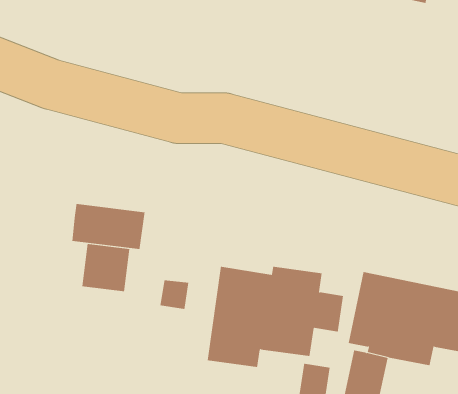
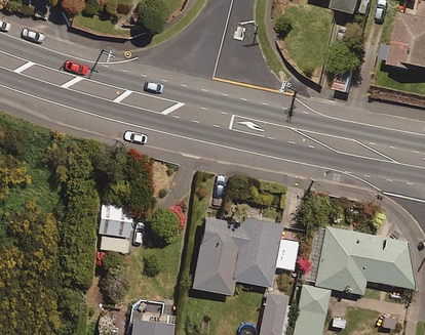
building: [72,203,145,250] -> none

